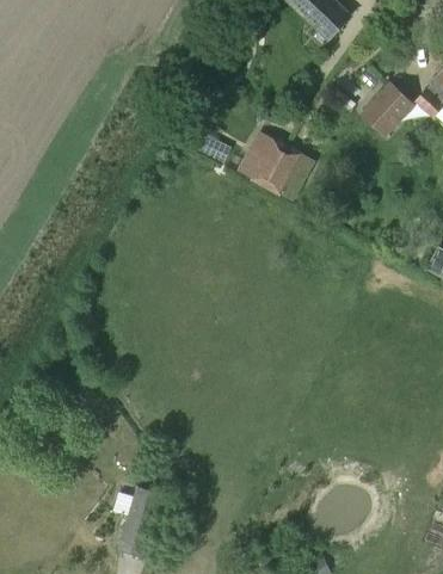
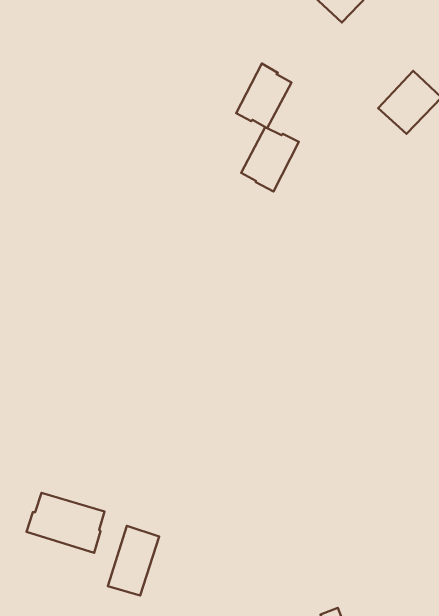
building: [266,144,315,202] -> [236,64,291,128]
building: none -> [26,493,105,553]

